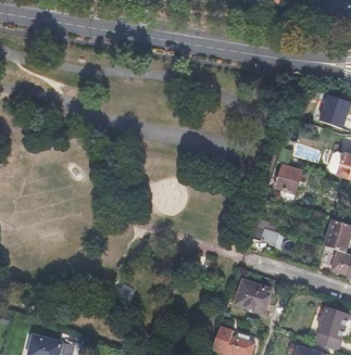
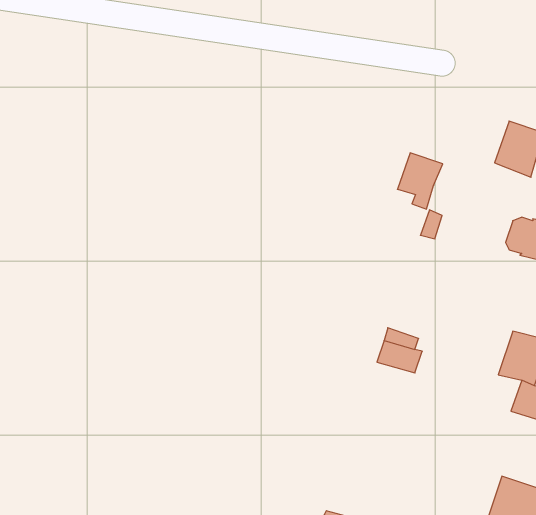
building: [274,166,301,200] -> [397,153,443,209]
building: [234,280,271,312] -> none

